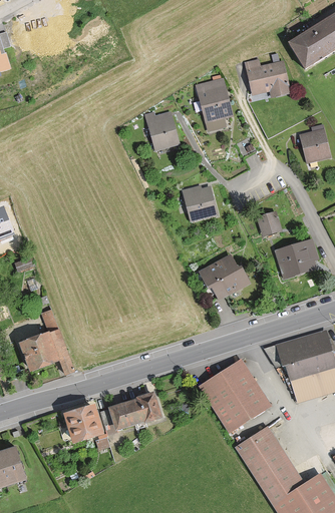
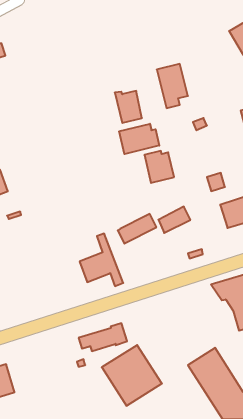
building: [244,60,291,98] -> none
building: none -> [119,124,159,154]
building: [203,267,250,303] -> [118,214,156,244]
building: [23,311,76,375] -> [80,234,123,286]
building: [198,357,271,431] -> [102,345,162,406]
building: [68,407,104,441] -> none

